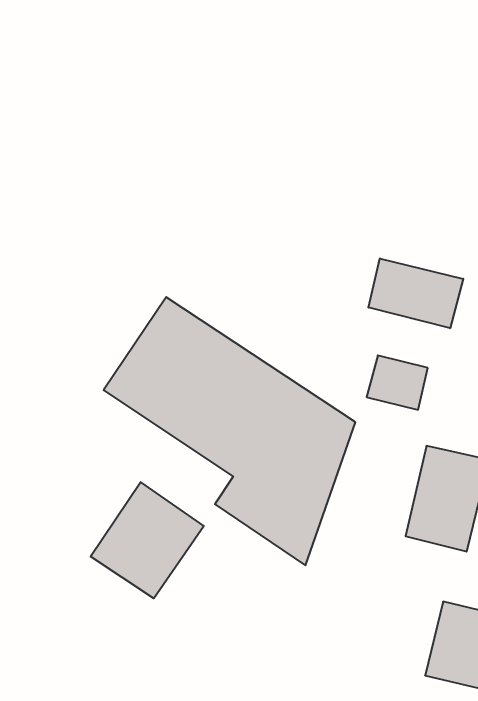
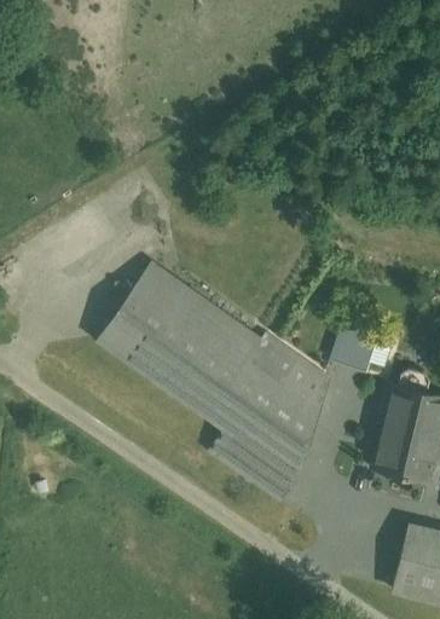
building: [368,258,463,328] -> none
building: [91,482,204,598] -> none

